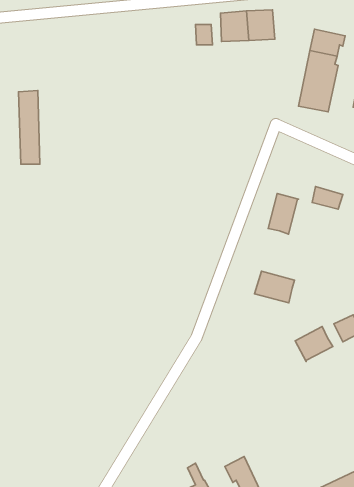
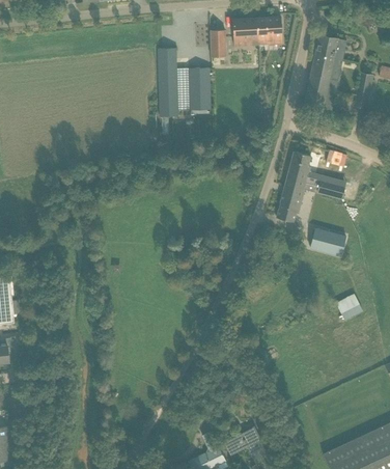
building: none -> [189,67,211,110]
building: [18,91,40,164] -> [158,48,177,115]
building: none -> [284,151,310,190]
building: [255,271,294,303] -> [309,227,345,256]
building: [295,327,333,362] -> none

